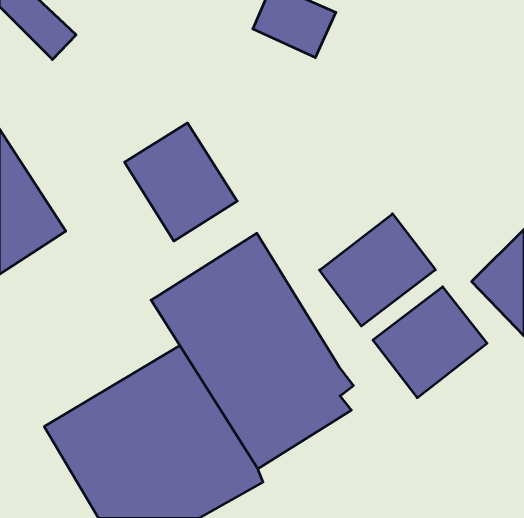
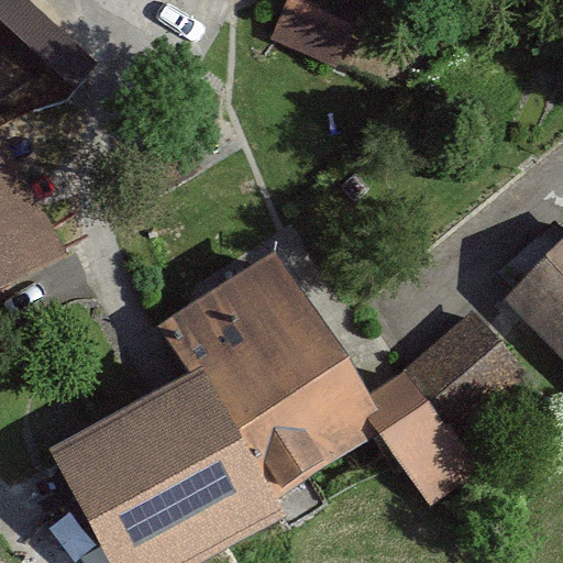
building: [125,123,237,241] -> none
building: [319,214,435,326] -> none
building: none -> [363,364,479,507]

